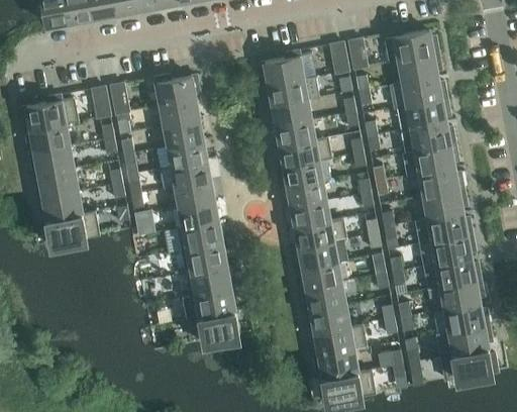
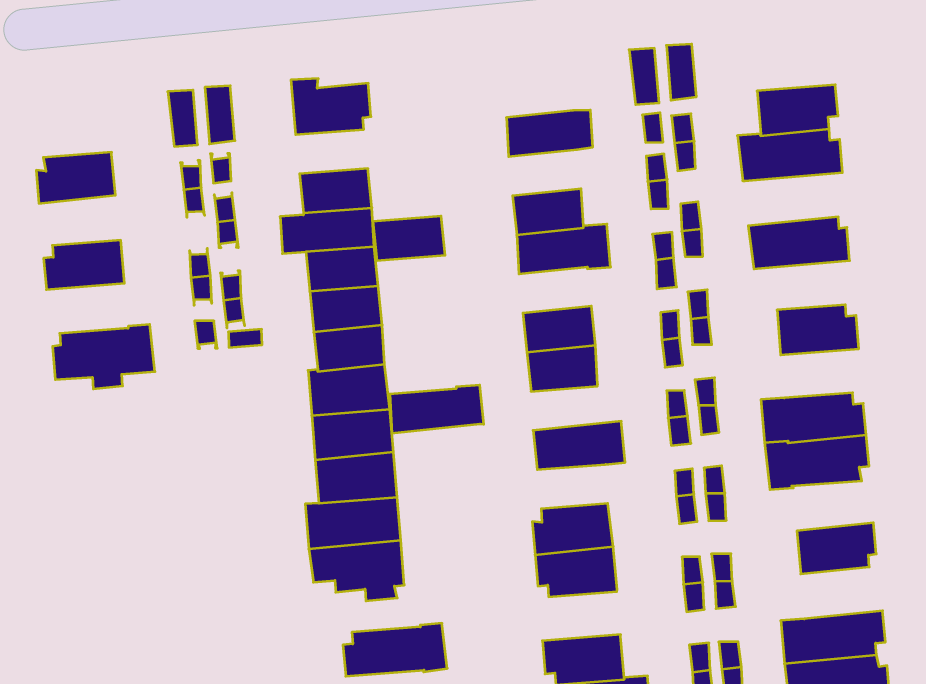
building: [385,31,439,64] -> none
building: [261,53,313,88] -> none
building: [22,97,78,131] -> none
building: [397,100,450,132] -> none
building: [161,101,200,127] -> [373,216,445,261]
building: [273,101,312,128] -> none
building: [404,145,458,178] -> none
building: [30,147,75,177] -> none
building: [284,162,323,189] -> none
building: [424,191,468,220] -> none
building: [38,193,83,222] -> none
building: [296,220,346,249] -> [390,385,484,433]
building: [425,260,481,291] -> none
building: [303,264,341,290] -> none
building: [445,304,490,334] -> none
building: [311,326,367,358] -> [343,623,447,676]

